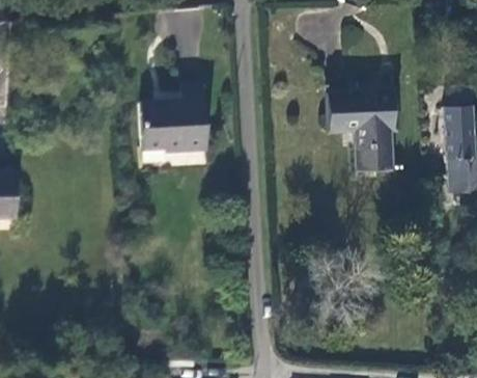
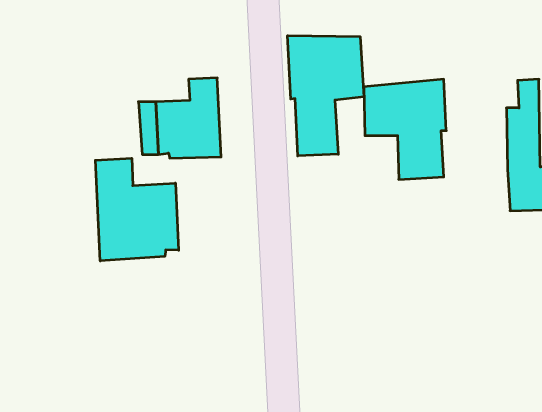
building: none -> [288,36,364,156]
building: none -> [95,158,179,261]

